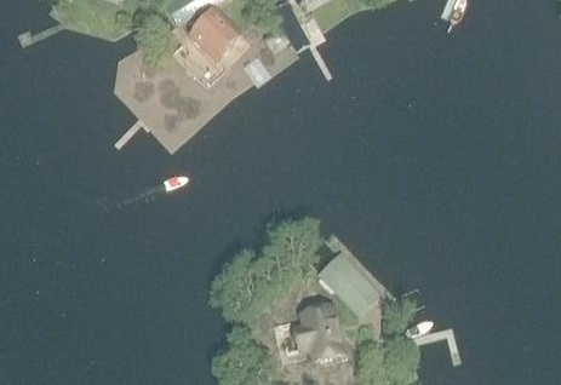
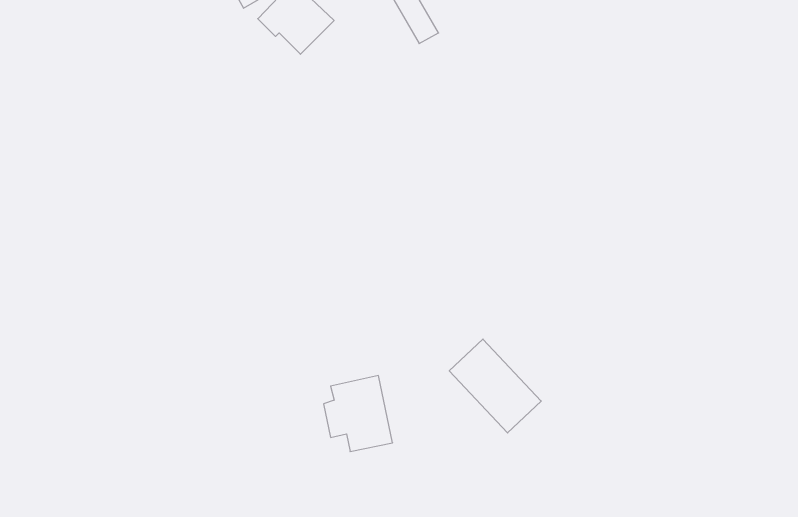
building: [297,308,344,360] -> [324,376,393,452]

